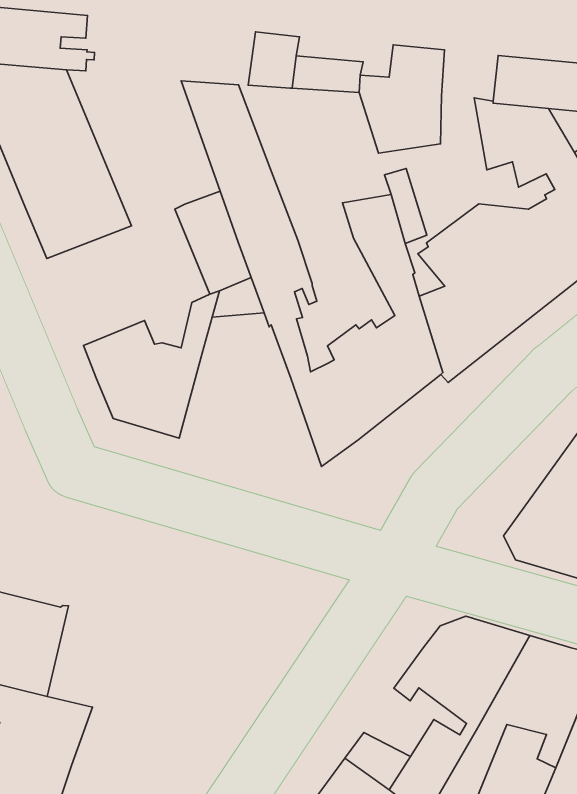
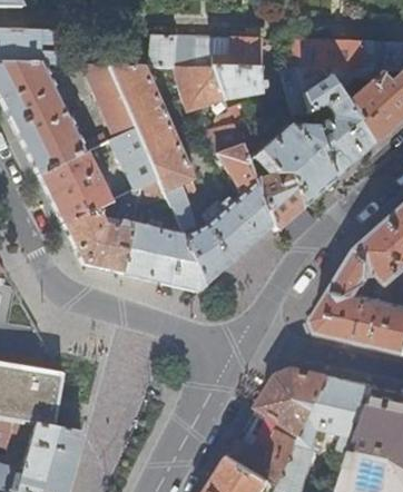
building: none -> [76,66,136,138]
building: none -> [173,67,226,111]
building: none -> [38,152,109,224]
building: none -> [121,218,205,291]

